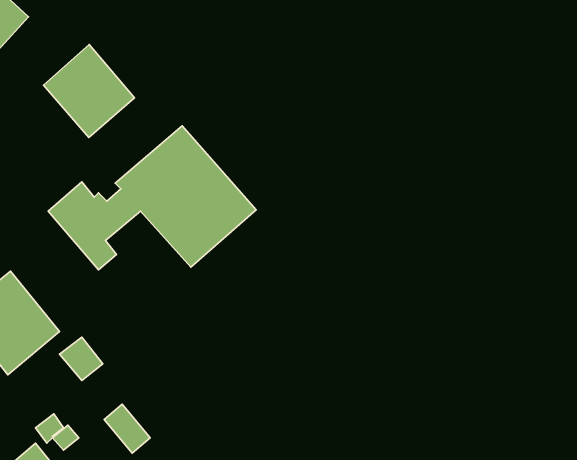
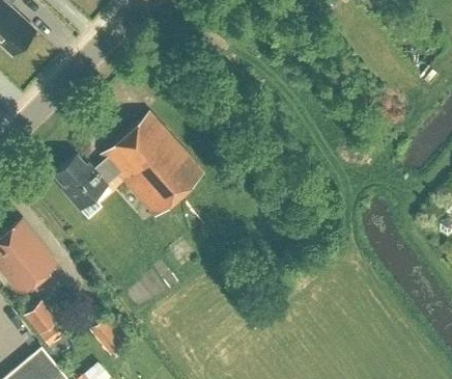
building: [43,44,134,137] -> none
building: [60,337,103,381] -> [23,301,55,333]

